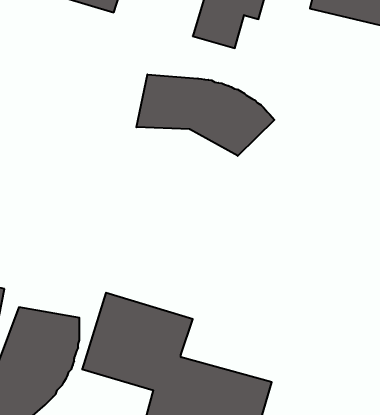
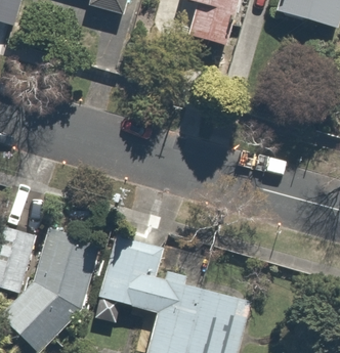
building: [136,74,274,156] -> none

